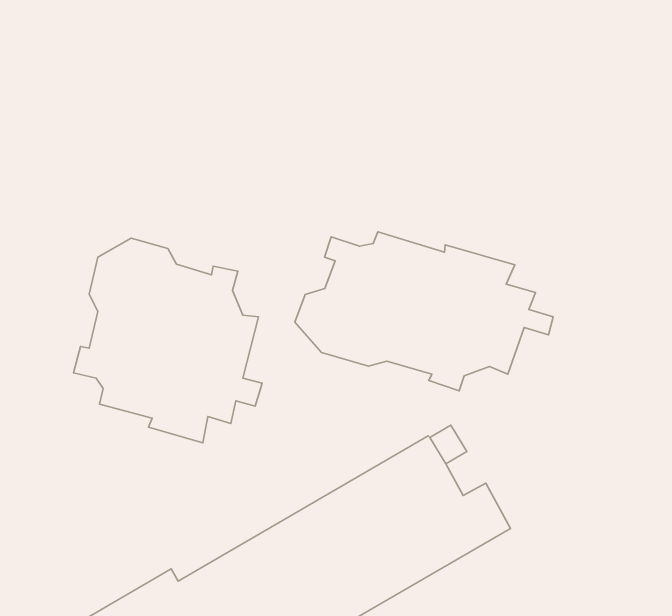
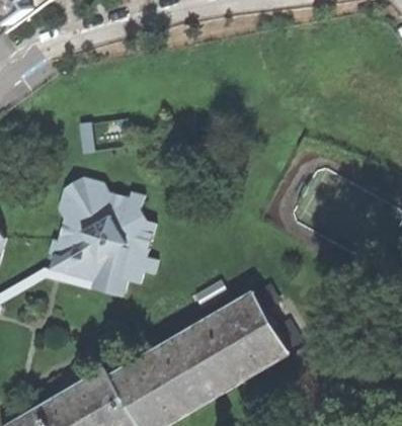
building: [295,232,553,391] -> none

